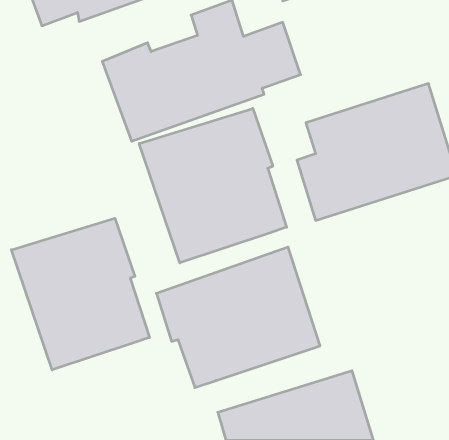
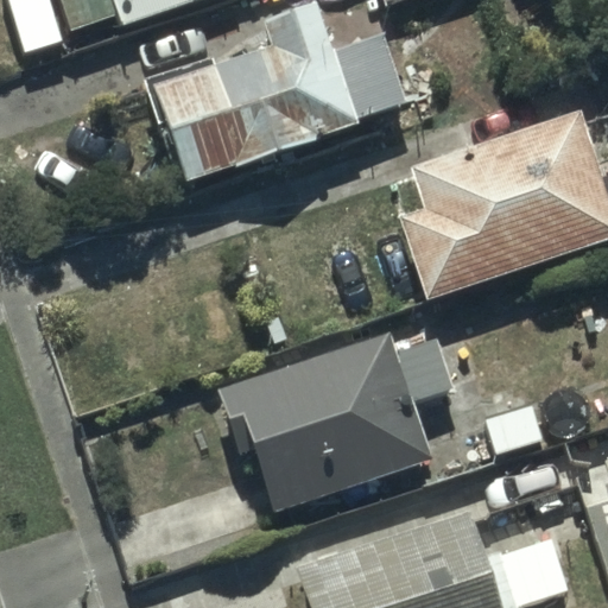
building: [139,108,287,263] -> none
building: [11,218,149,370] -> none

